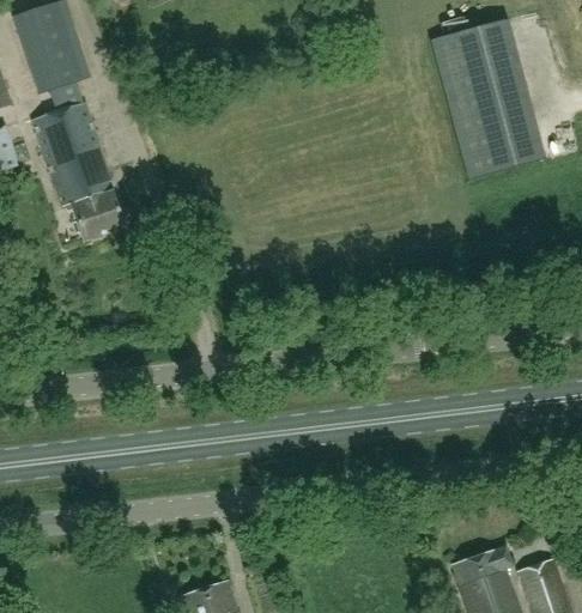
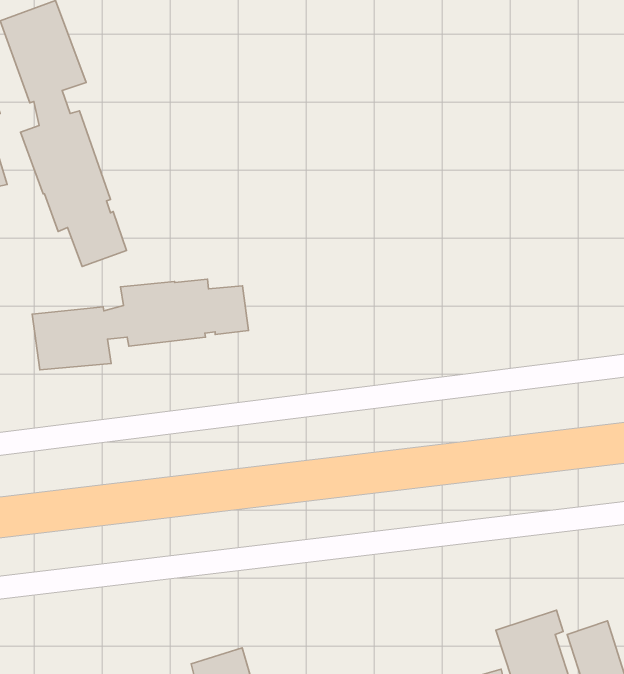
building: [435,20,545,178] -> none
building: none -> [32,279,249,370]

